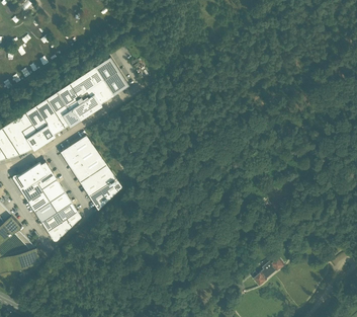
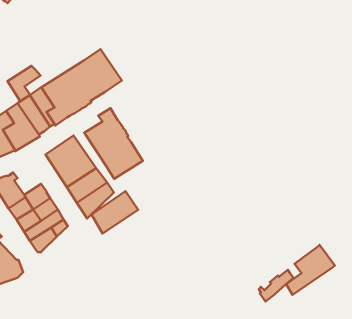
building: none -> [7,66,40,101]
building: none -> [84,108,143,179]
building: [31,161,57,188] -> none
building: none -> [91,191,138,234]
building: none -> [286,245,335,295]

